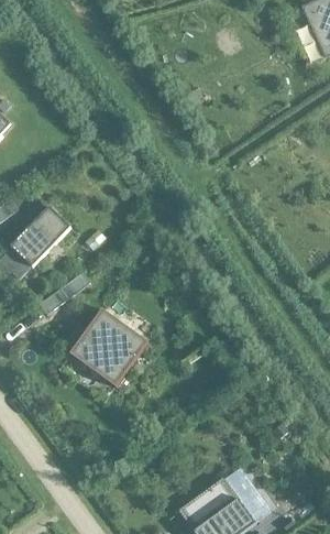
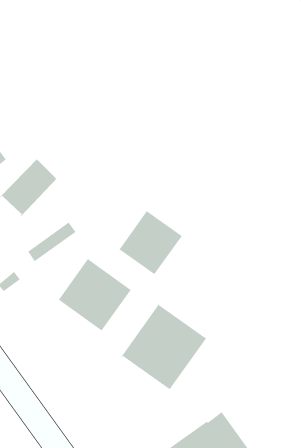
building: none -> [118,209,184,277]
building: none -> [119,303,208,392]

